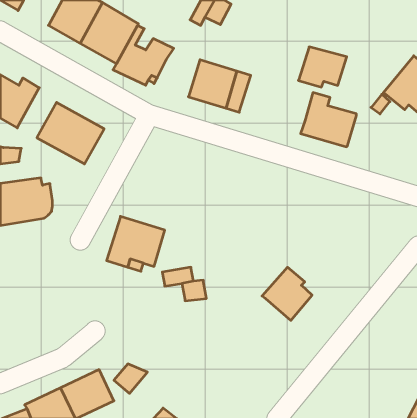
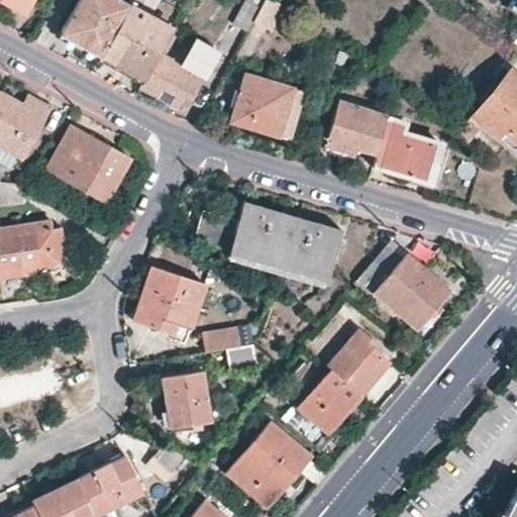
building: [298,47,347,87] -> [328,103,388,152]
building: none -> [197,200,342,284]
building: none -> [358,246,449,329]
building: none -> [285,369,360,450]
building: none -> [163,372,213,429]
building: none -> [225,423,309,510]

